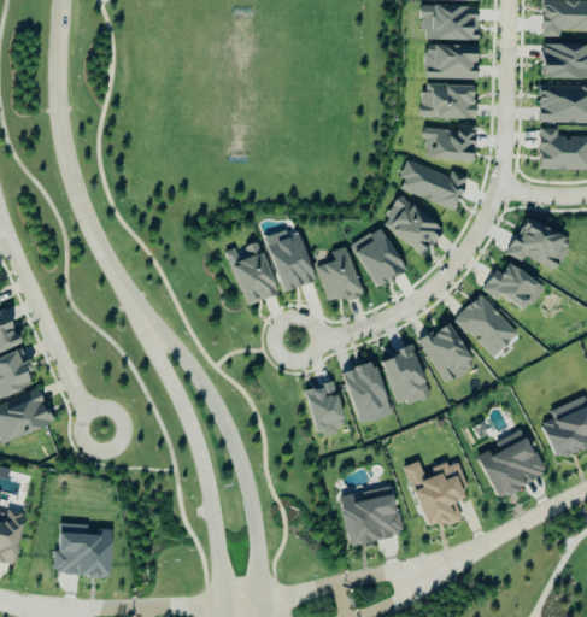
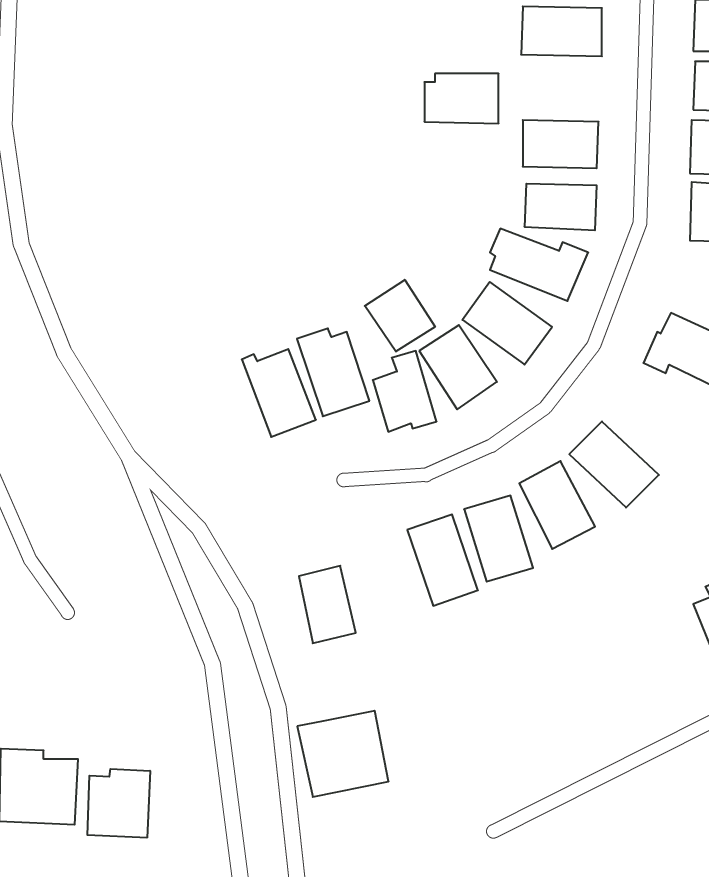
building: [425,45,477,80] -> [424,74,499,123]
building: none -> [365,280,435,352]
building: [482,263,544,312] -> none
building: [306,382,346,436] -> [299,566,356,643]
building: [479,429,545,498] -> none
building: [405,460,468,530] -> none
building: [339,486,403,546] -> [297,711,389,797]
building: none -> [87,769,150,838]

